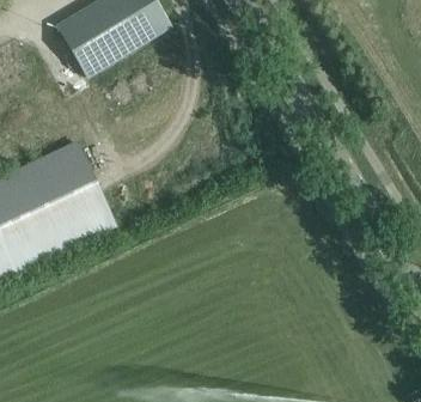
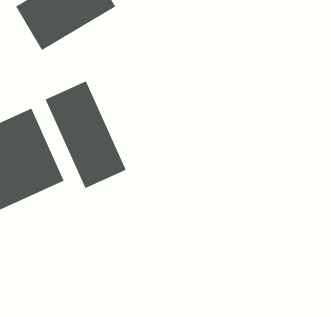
building: none -> [45,81,127,189]

